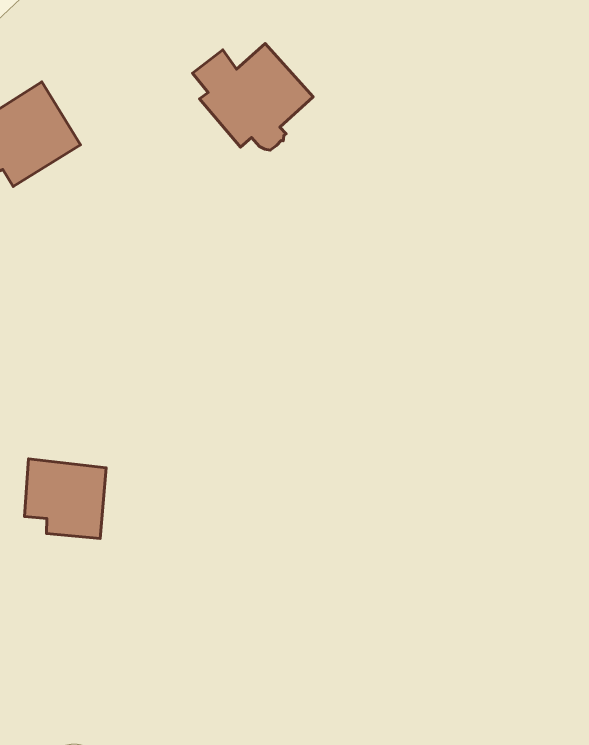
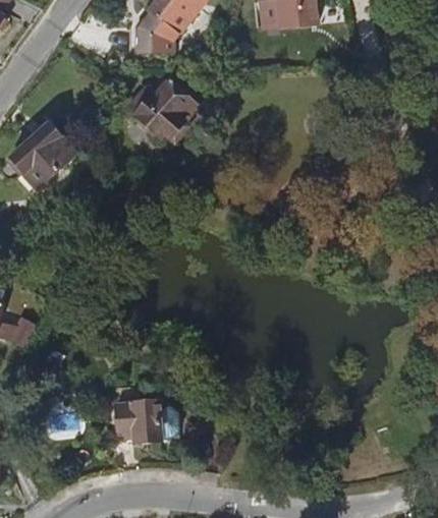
building: [25,459,106,539] -> [114,400,160,441]

